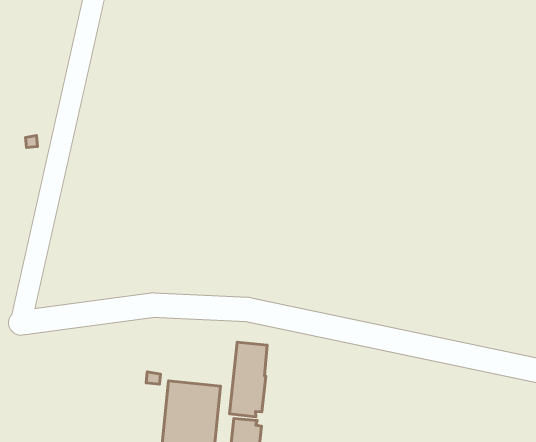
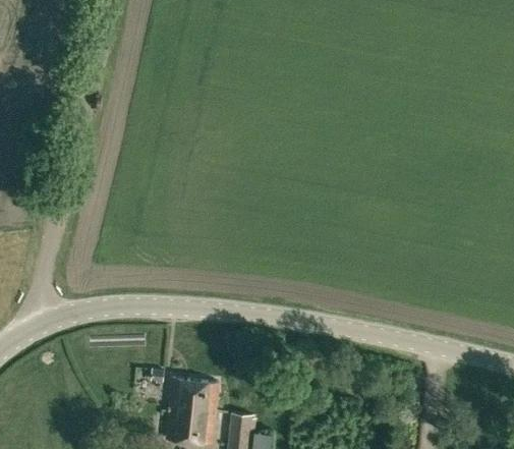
building: [229,342,267,417] -> none

